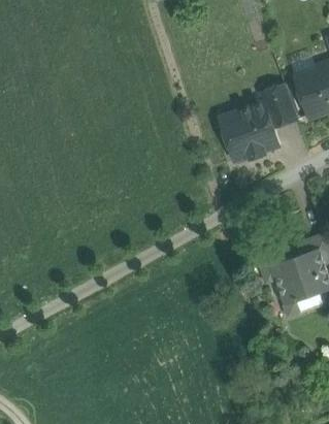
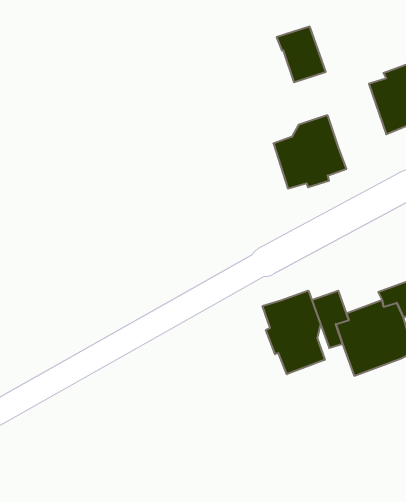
building: [260,85,298,128] -> [277,27,326,82]
building: none -> [263,291,325,374]

